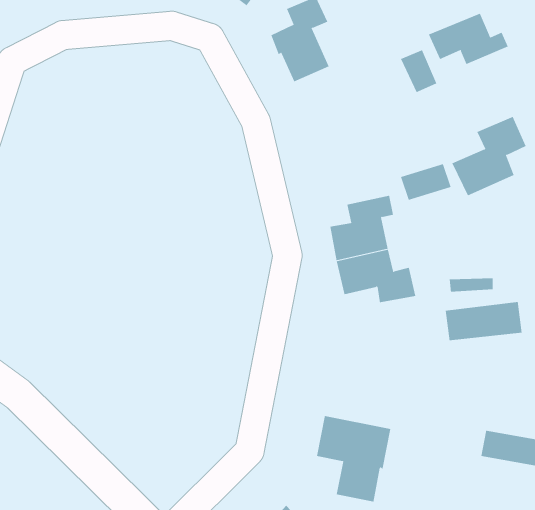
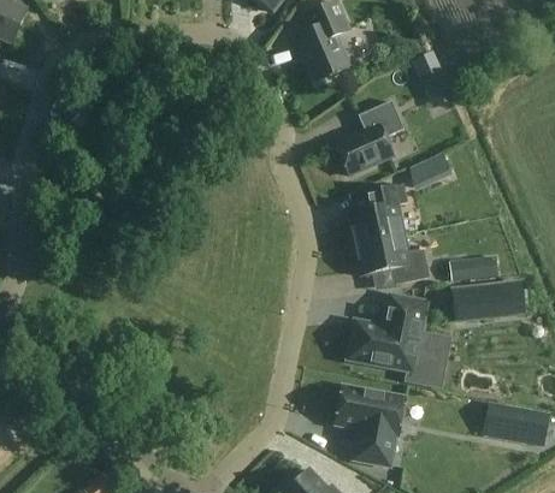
building: [428,13,509,65] -> none
building: [452,116,526,196] -> [336,100,405,173]
building: none -> [349,293,448,379]

